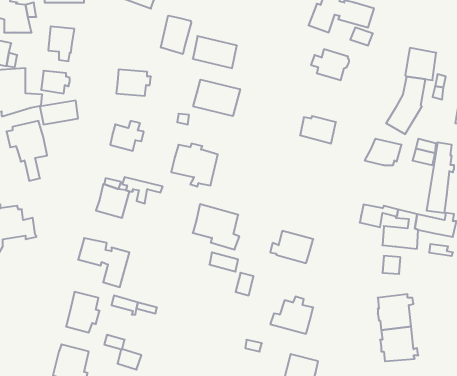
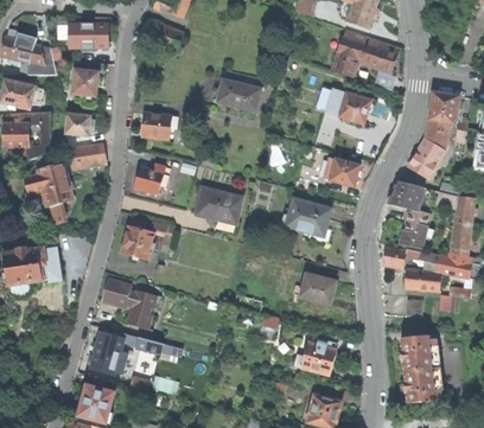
building: [161,16,191,54] -> none
building: [193,80,240,116] -> none
building: none -> [400,210,429,247]
building: [193,204,239,250] -> [285,197,331,242]

